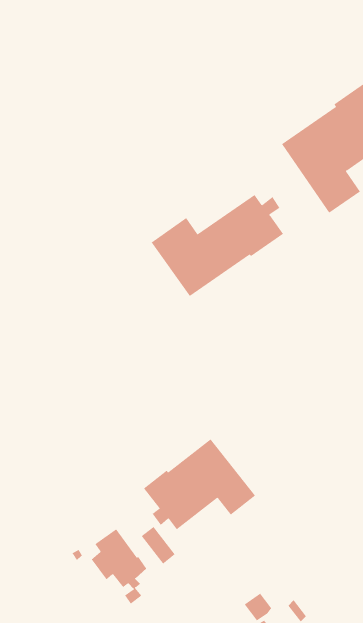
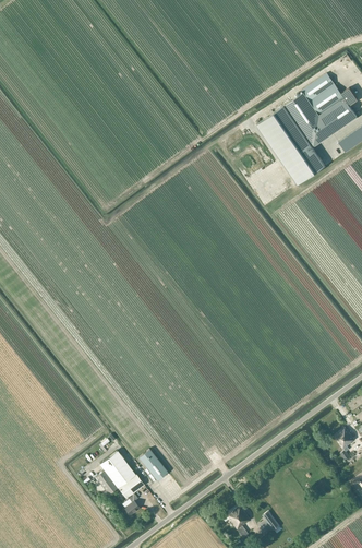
building: [151,194,284,297] -> none
building: [143,438,256,530] -> none

